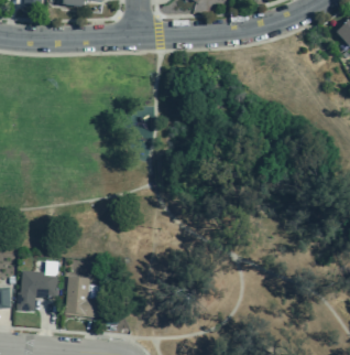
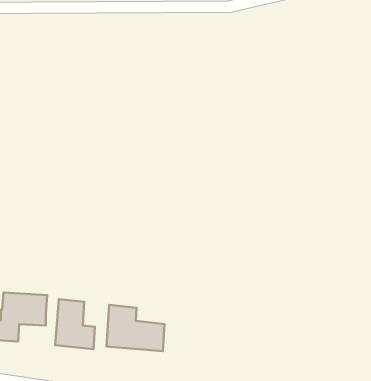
building: none -> [107,305,165,351]

